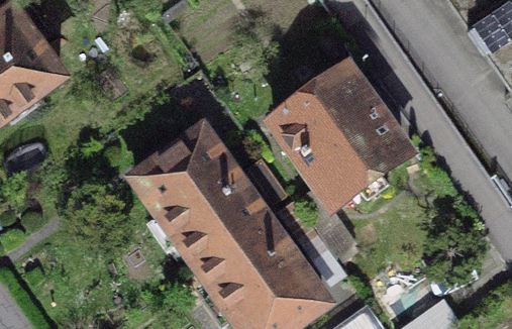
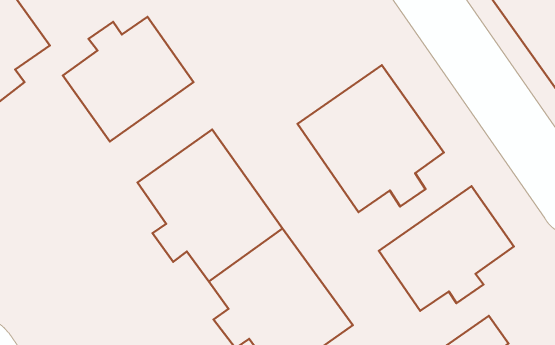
building: none -> [63,17,193,141]
building: none -> [379,186,514,311]

